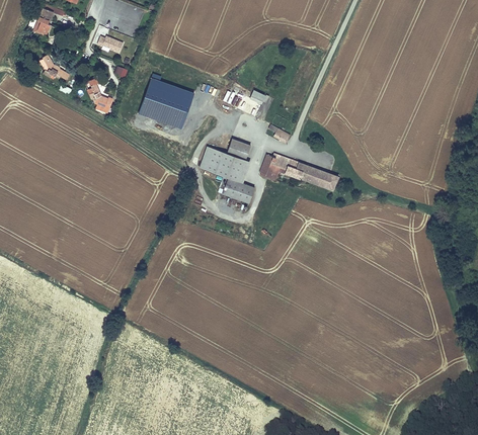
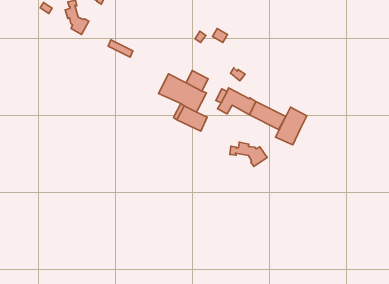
building: [139,77,194,128] -> none
building: none -> [275,107,307,145]
building: none -> [230,142,267,167]

